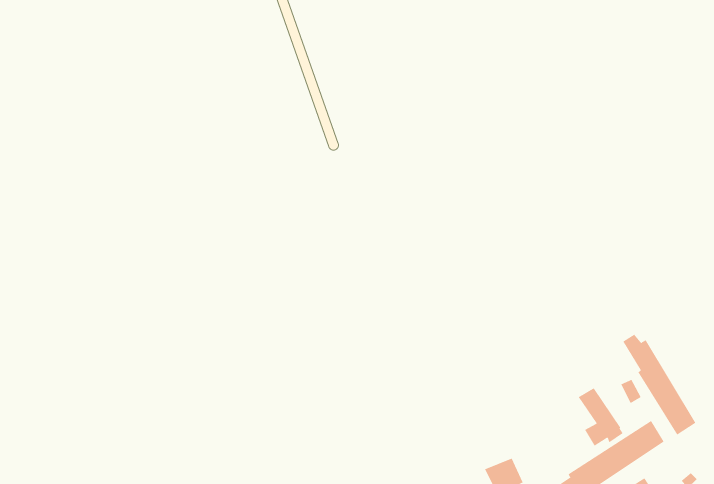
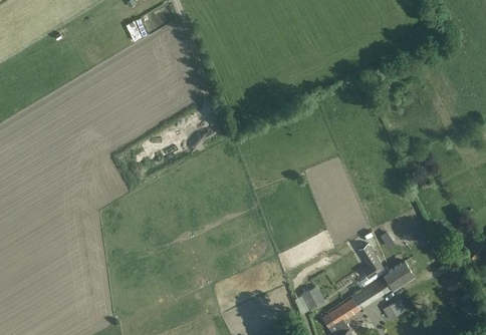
building: [622,334,696,436] -> none

